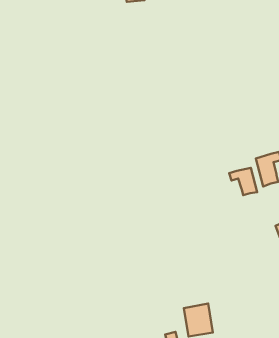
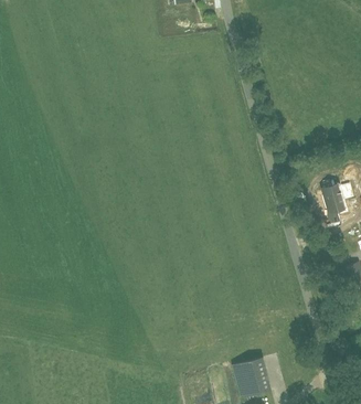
building: [229,168,257,195] -> none

